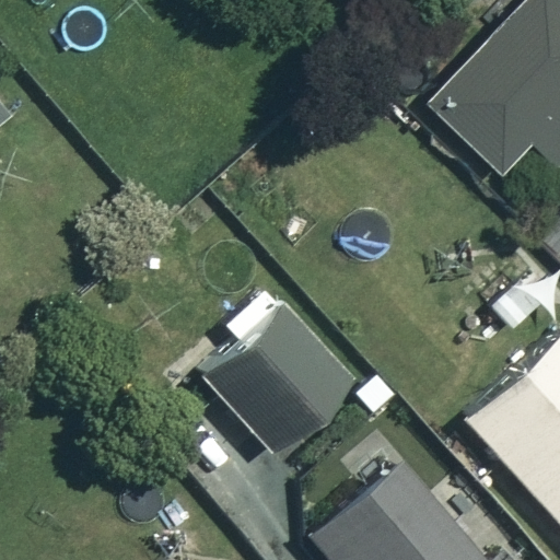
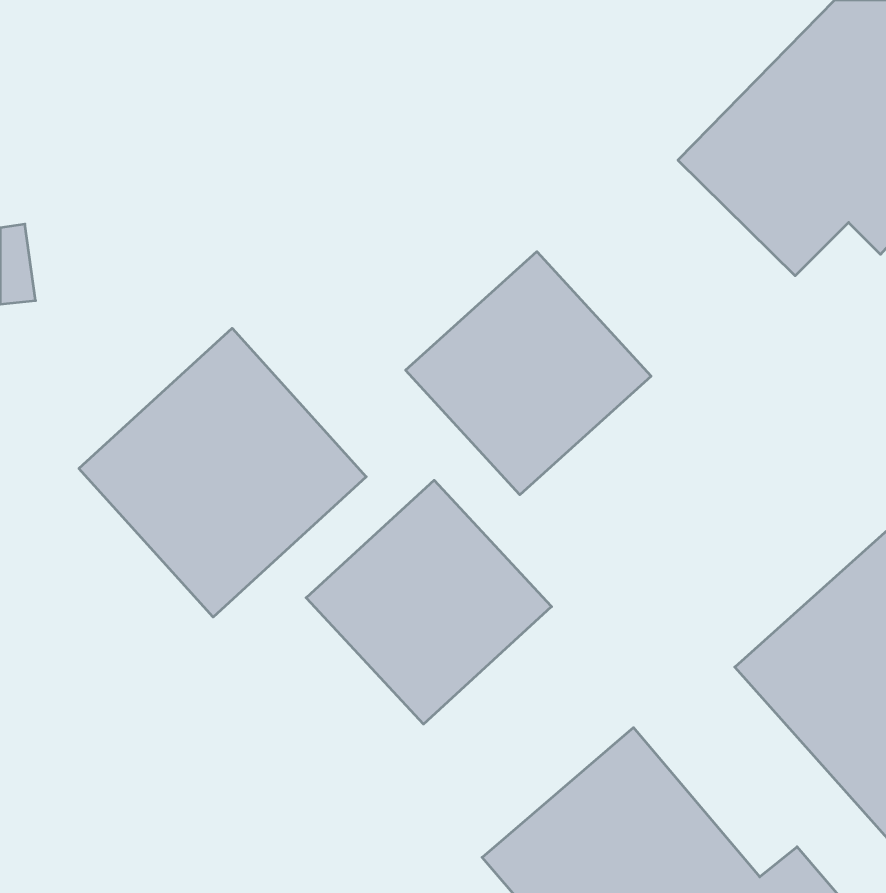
building: none -> [406,252,651,495]
building: none -> [79,328,366,617]

